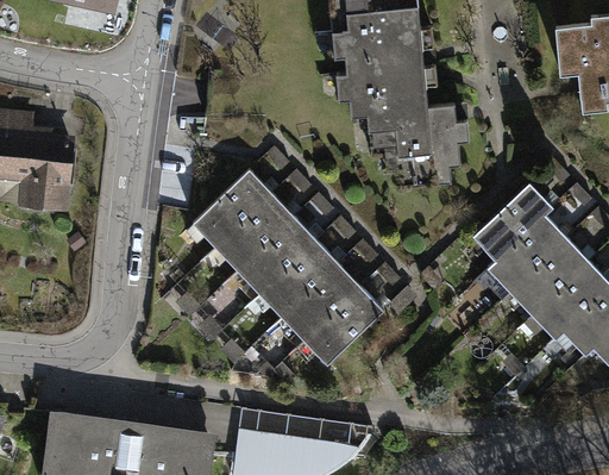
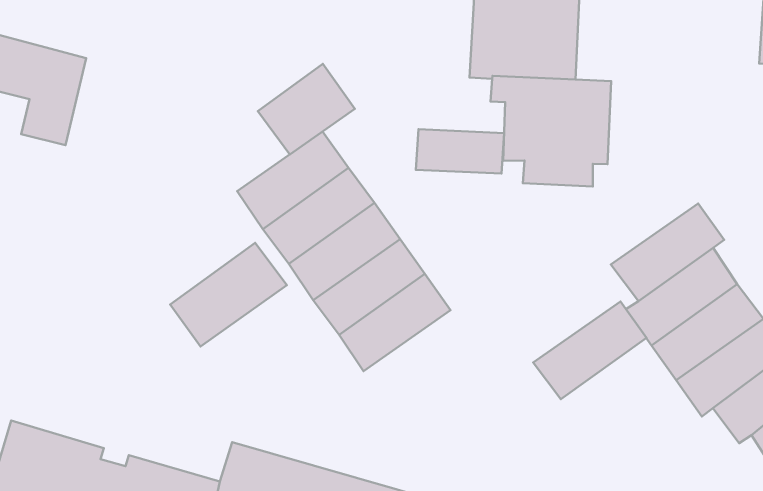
building: none -> [258,64,355,154]
building: none -> [416,129,504,174]
building: none -> [170,243,287,346]
building: [303,287,383,364] -> [533,302,646,399]

